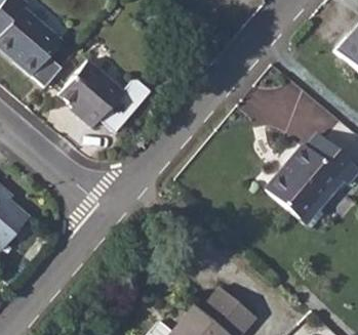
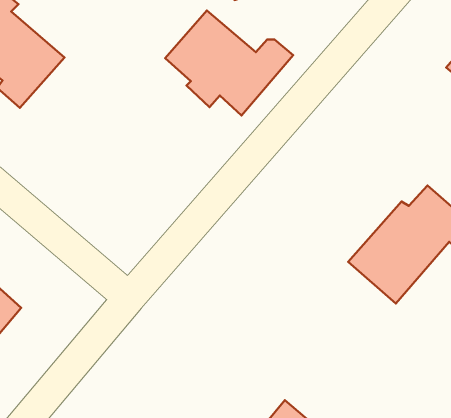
building: [62,62,153,137] -> [165,11,293,116]

